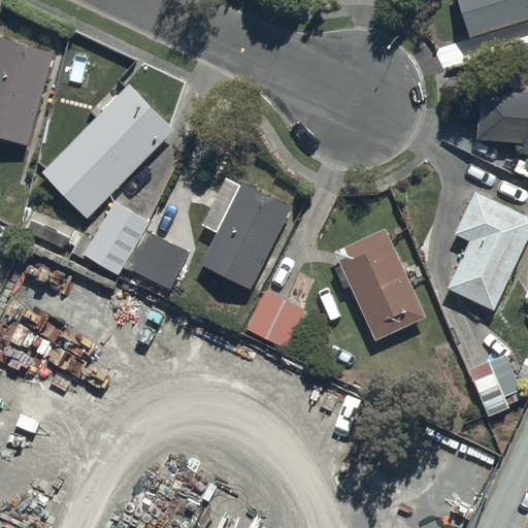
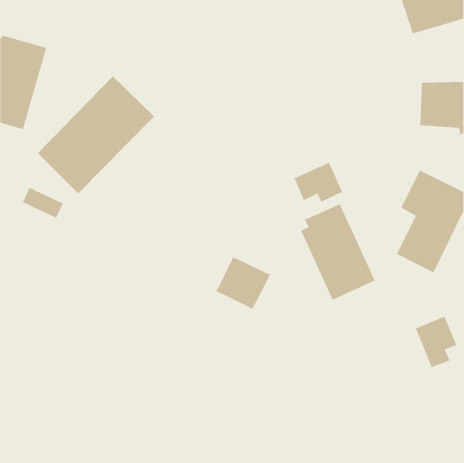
building: [132,175,293,298] -> none
building: none -> [293,162,343,203]
building: [71,203,147,275] -> none

